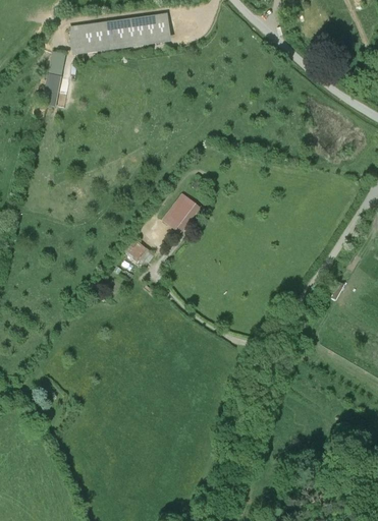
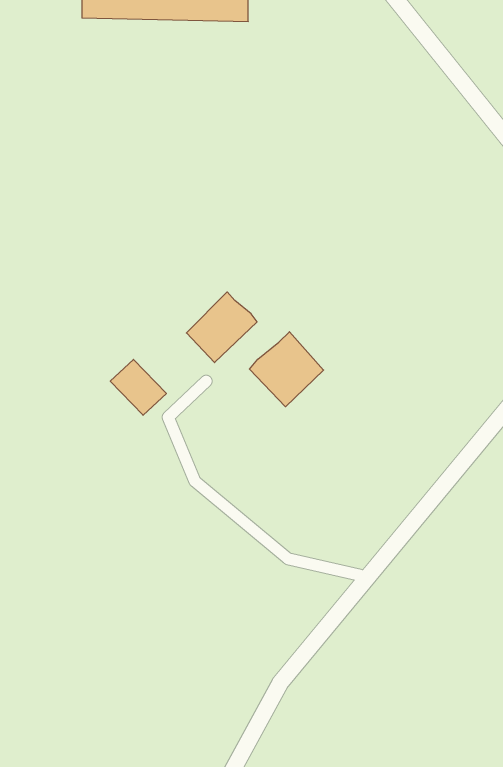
building: [41,51,67,107] -> none
building: none -> [249,332,324,407]

